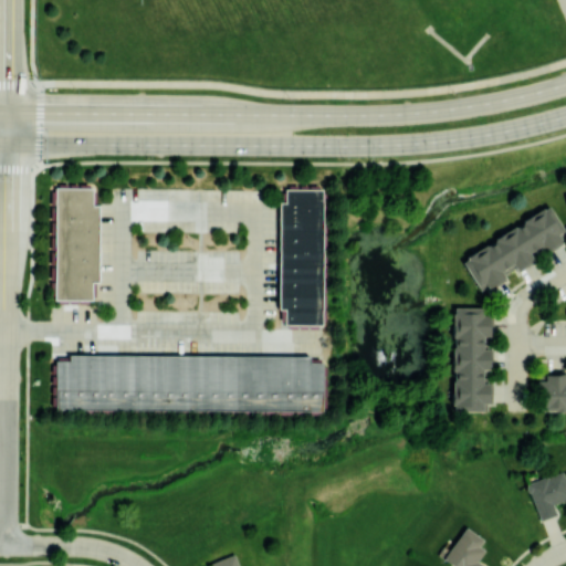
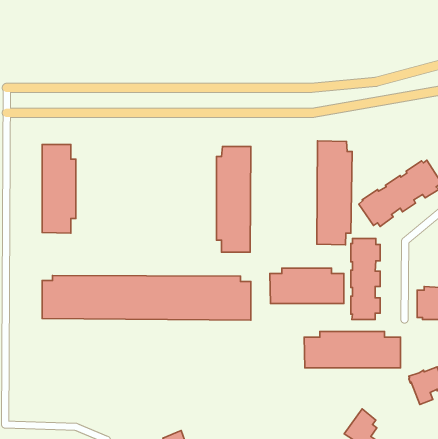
building: none -> [317,141,352,245]
building: none -> [270,268,344,303]
building: none -> [304,331,401,368]

